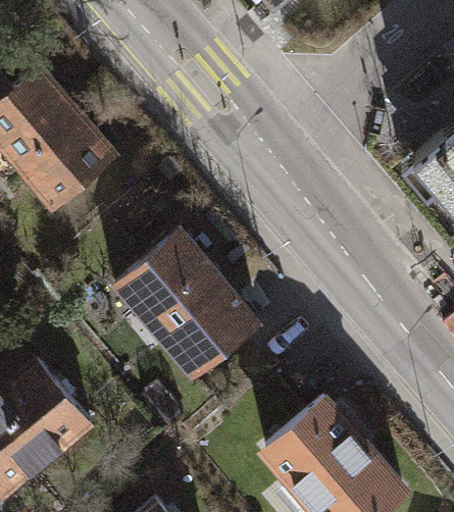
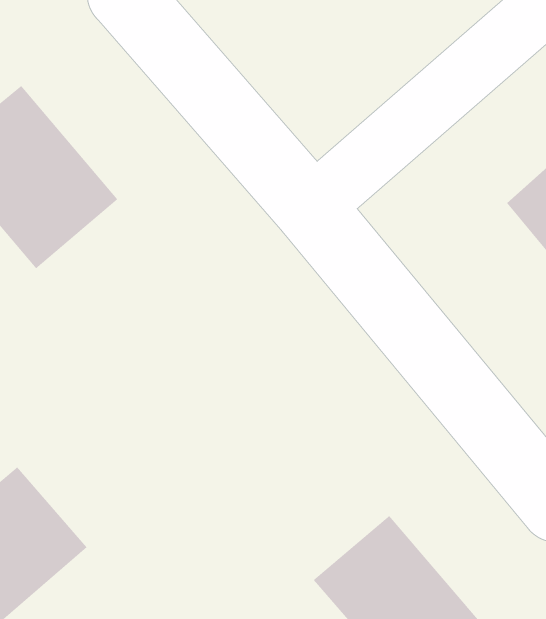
building: [115,231,260,378] -> none

